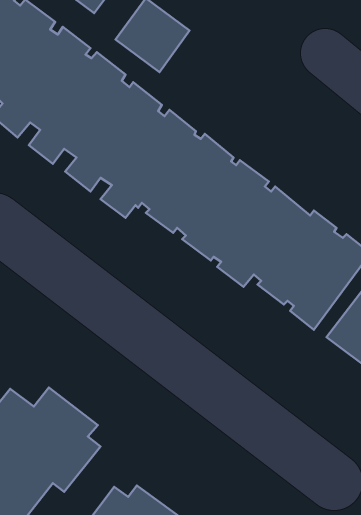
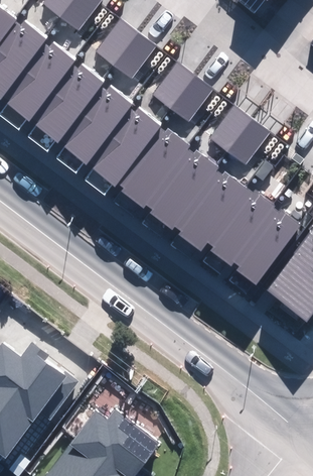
building: none -> [151,63,212,122]
building: none -> [209,106,270,165]

